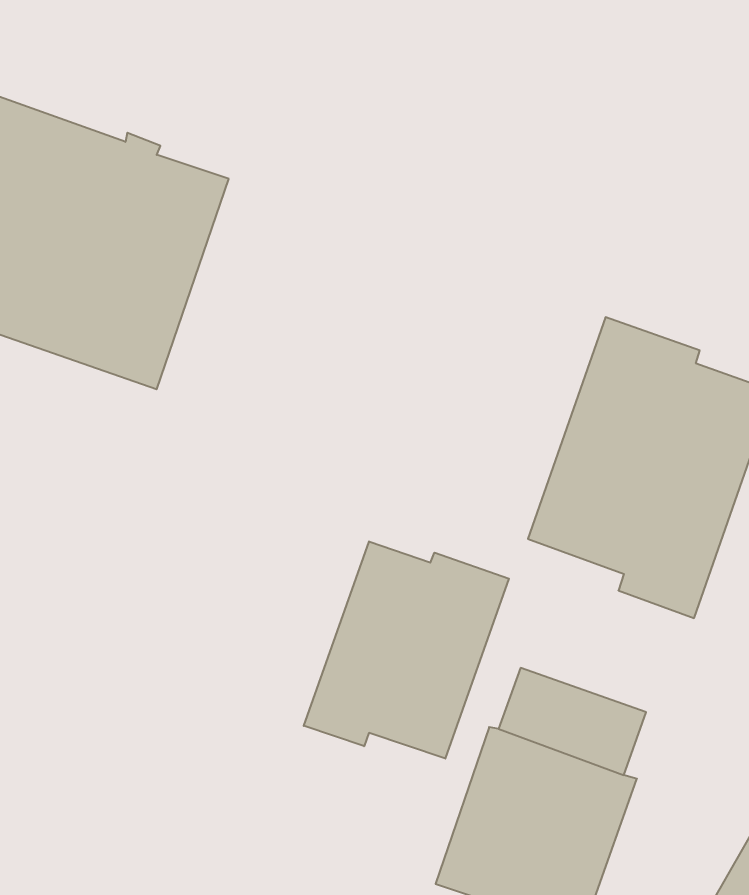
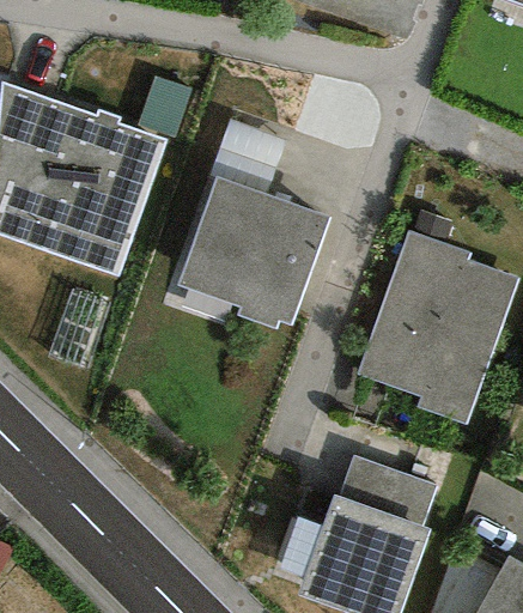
building: none -> [177,175,328,328]
building: [304,541,509,759] -> none

